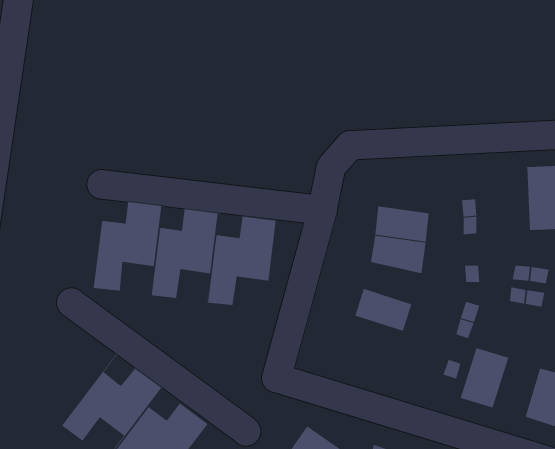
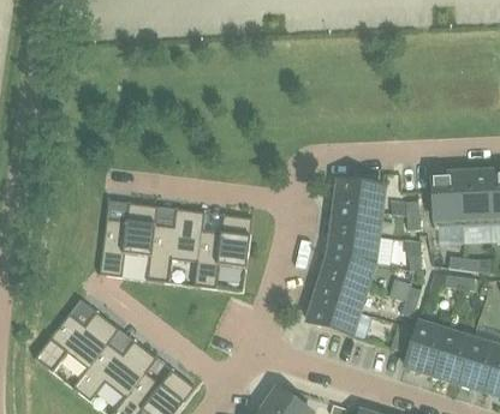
building: none -> [431,172,463,226]
building: none -> [337,179,383,210]
building: none -> [325,251,374,286]
building: none -> [309,295,358,334]
building: none -> [35,310,119,386]
building: none -> [433,330,471,379]

